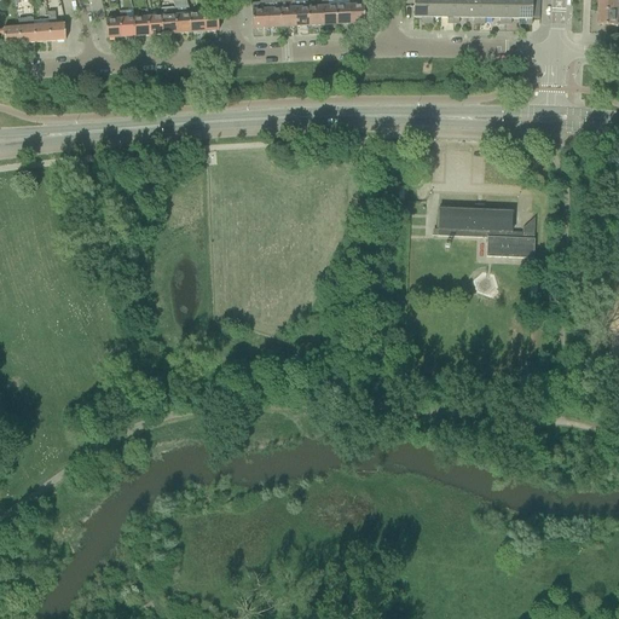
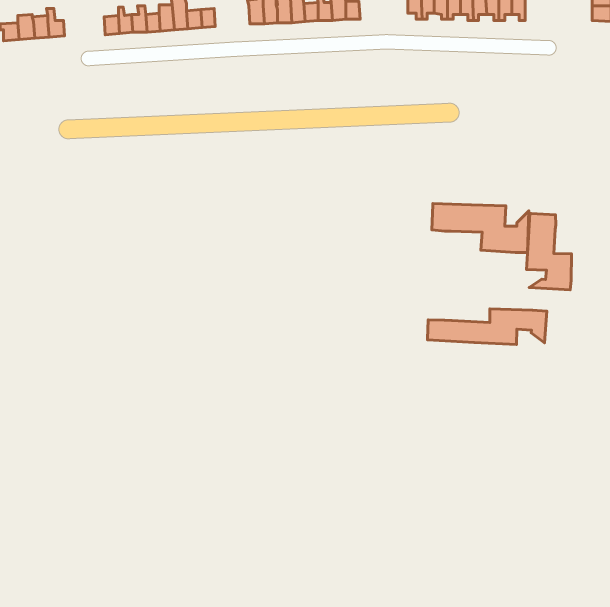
building: none -> [526,214,571,290]
building: none -> [427,309,547,345]

